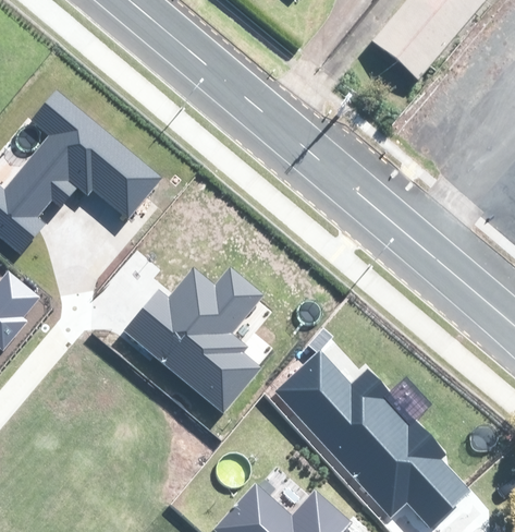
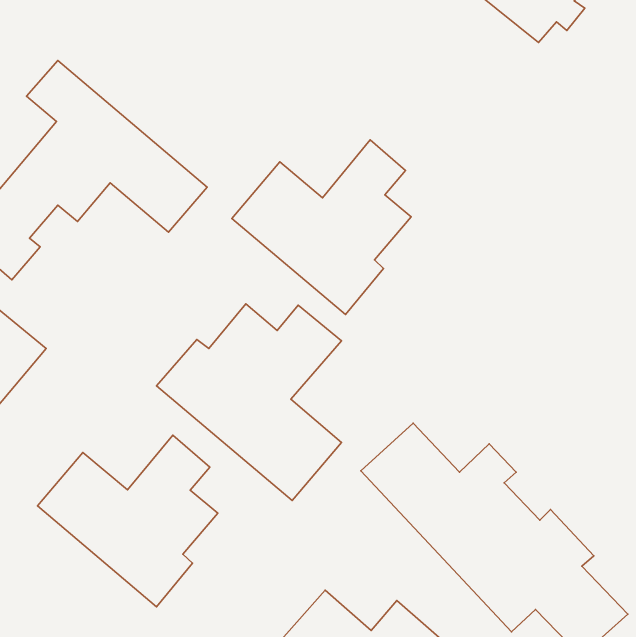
building: none -> [232,140,411,314]
building: none -> [37,435,218,607]

